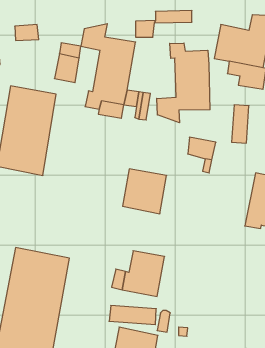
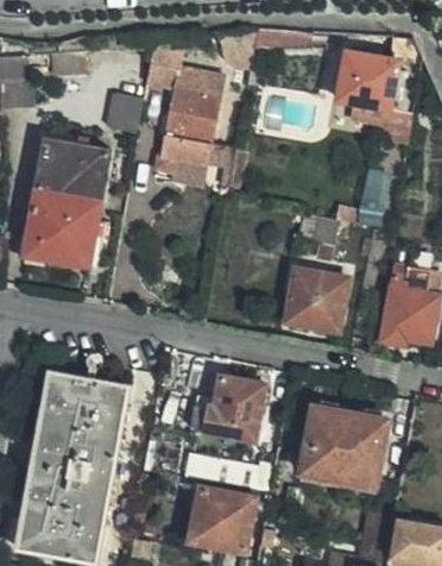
building: [157,43,210,123] -> none
building: [123,169,167,214] -> [284,269,347,333]
building: none -> [299,405,387,486]

